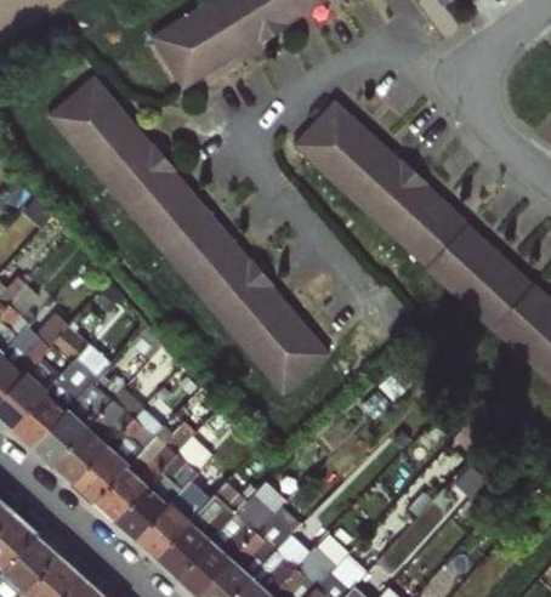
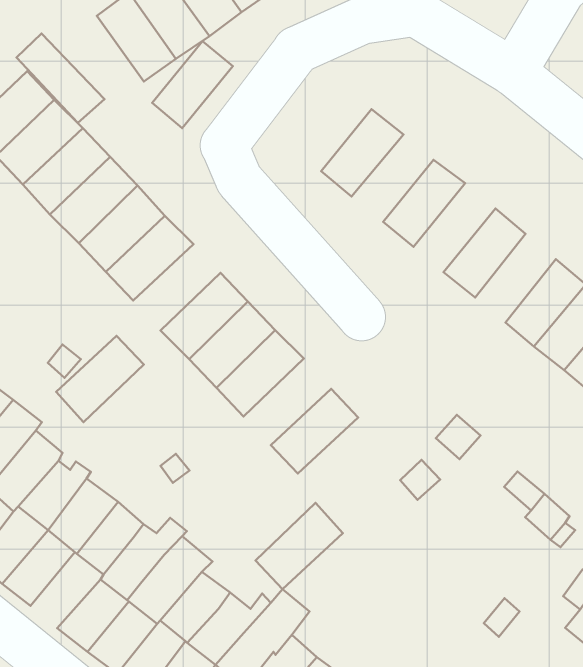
building: none -> [16,33,104,123]
building: [292,100,356,165] -> [152,41,233,128]
building: [336,141,401,206] -> none
building: [381,181,445,248] -> none
building: [165,215,233,279] -> [56,336,144,422]
building: [426,222,489,289] -> none
building: [244,307,312,371] -> [255,503,343,589]
building: [73,444,130,501] -> none

